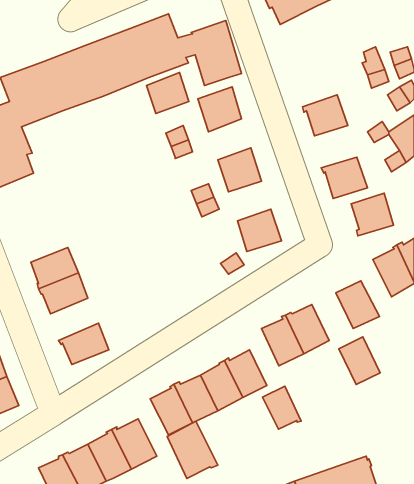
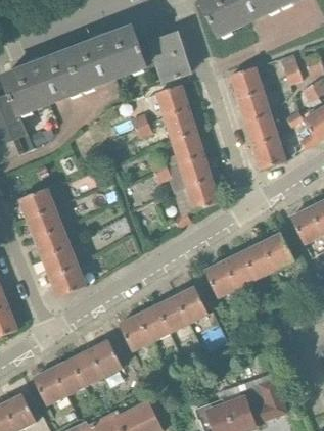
building: none -> [229,66,262,99]
building: [146,72,189,114] -> [163,108,195,140]
building: none -> [178,156,211,187]
building: [351,193,393,236] -> [244,113,277,146]
building: none -> [17,188,54,219]
building: none -> [41,246,78,279]
building: [339,337,380,385] -> [242,242,274,279]
building: [262,386,301,429] -> none
building: [167,421,218,478] -> none

